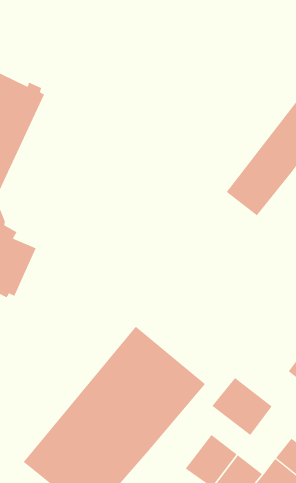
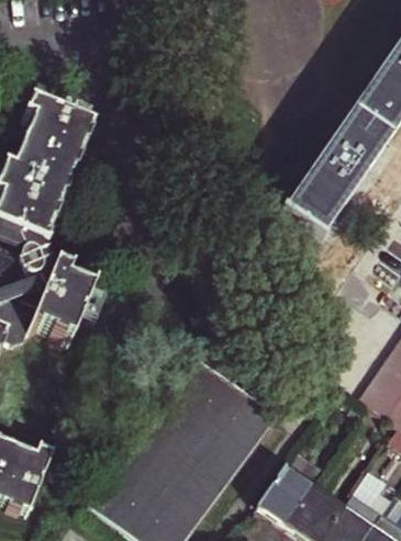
building: [212,377,272,436] -> none

